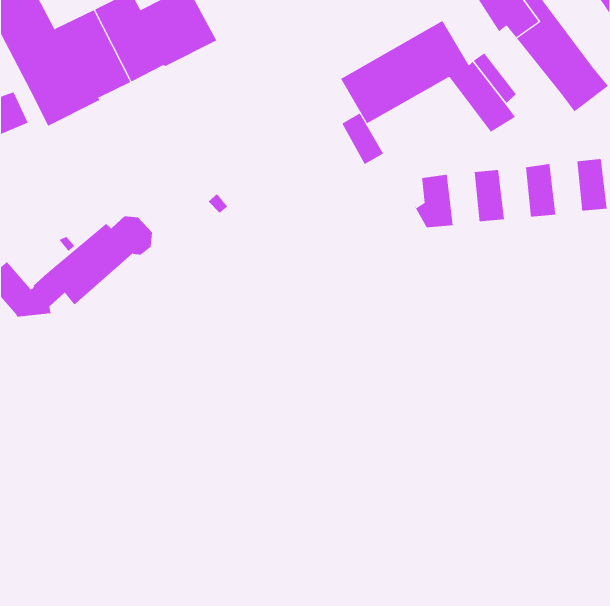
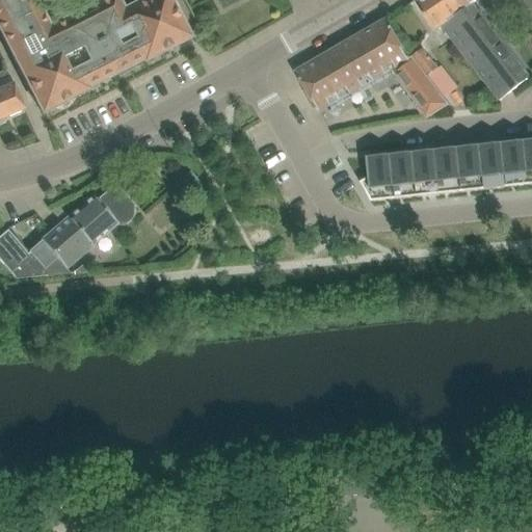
building: [341,112,384,165] -> none
building: none -> [479,140,506,187]
building: none -> [434,145,461,191]
building: none -> [390,150,417,196]

